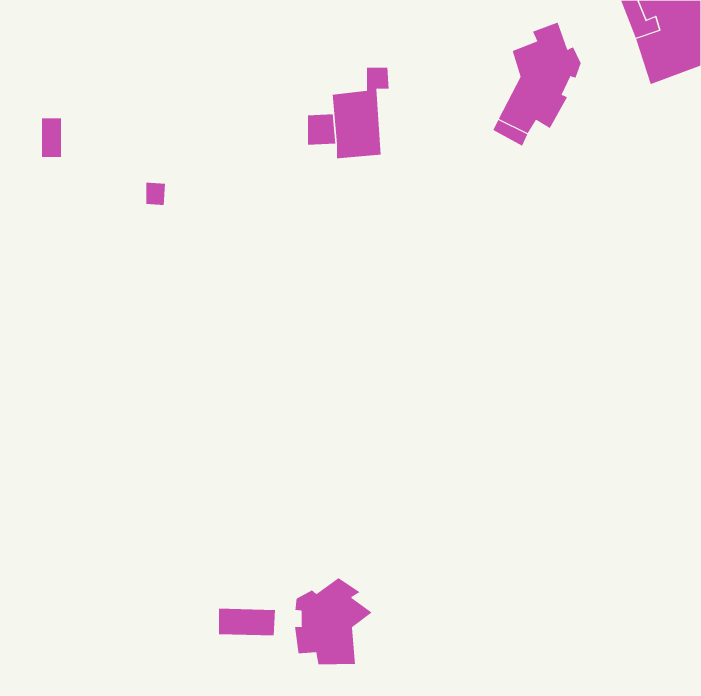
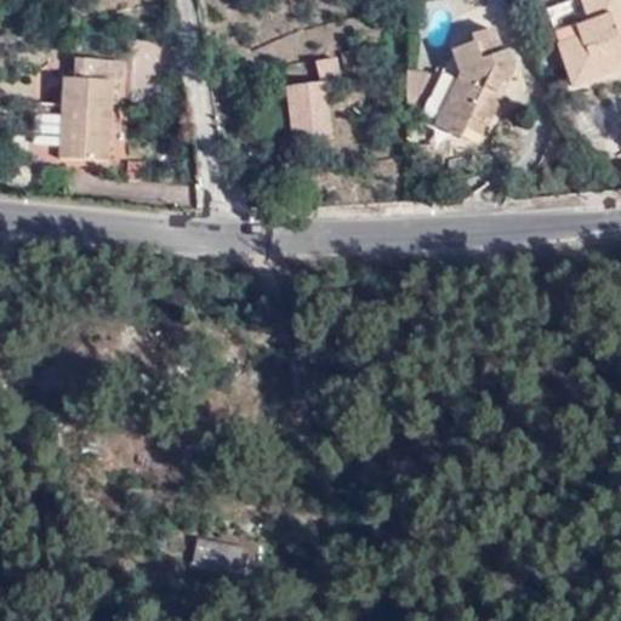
building: none -> [62,64,112,164]
building: [295,577,373,665] -> none

